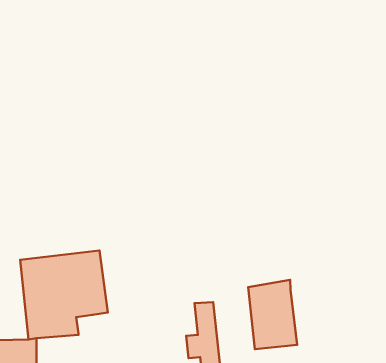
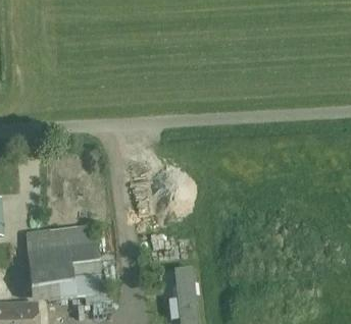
building: [248,280,297,349] -> none

